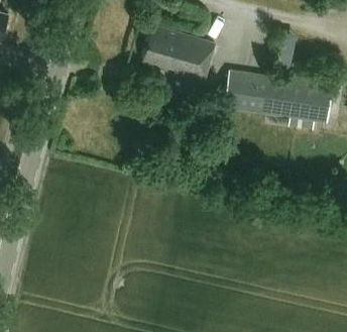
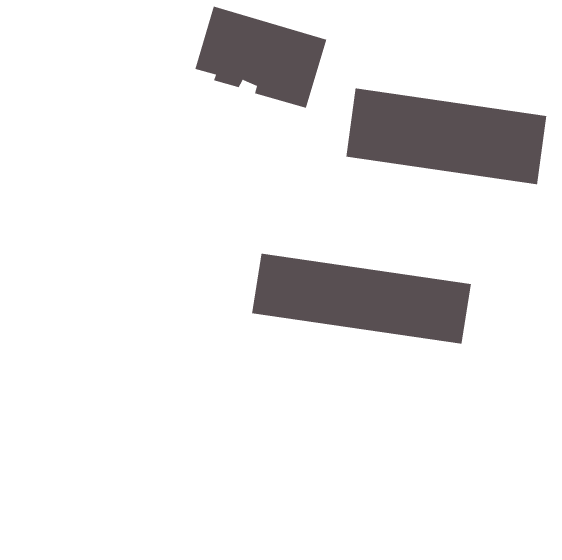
building: none -> [252,253,472,345]

